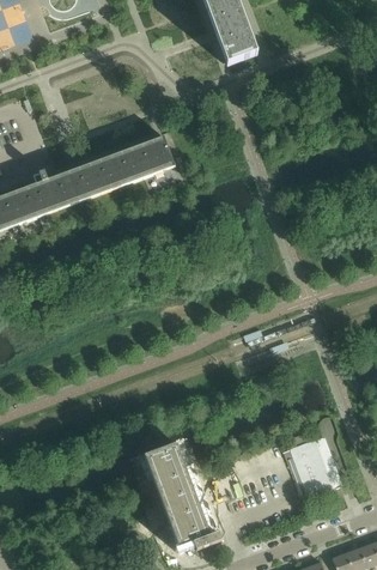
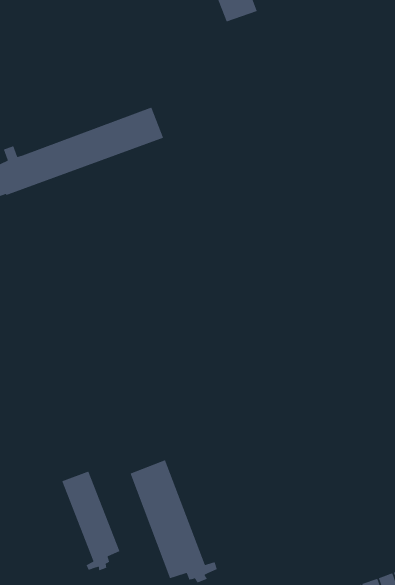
building: [284,436,341,501] -> none
building: none -> [61,470,121,571]

